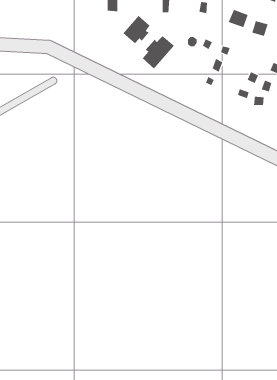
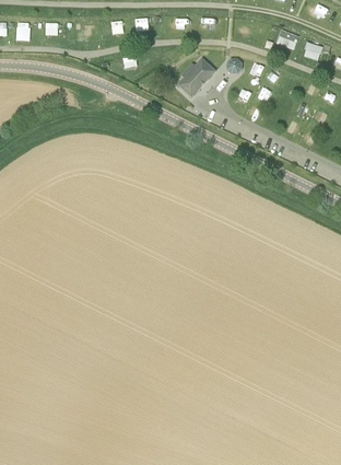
building: [122,15,150,44] -> none

